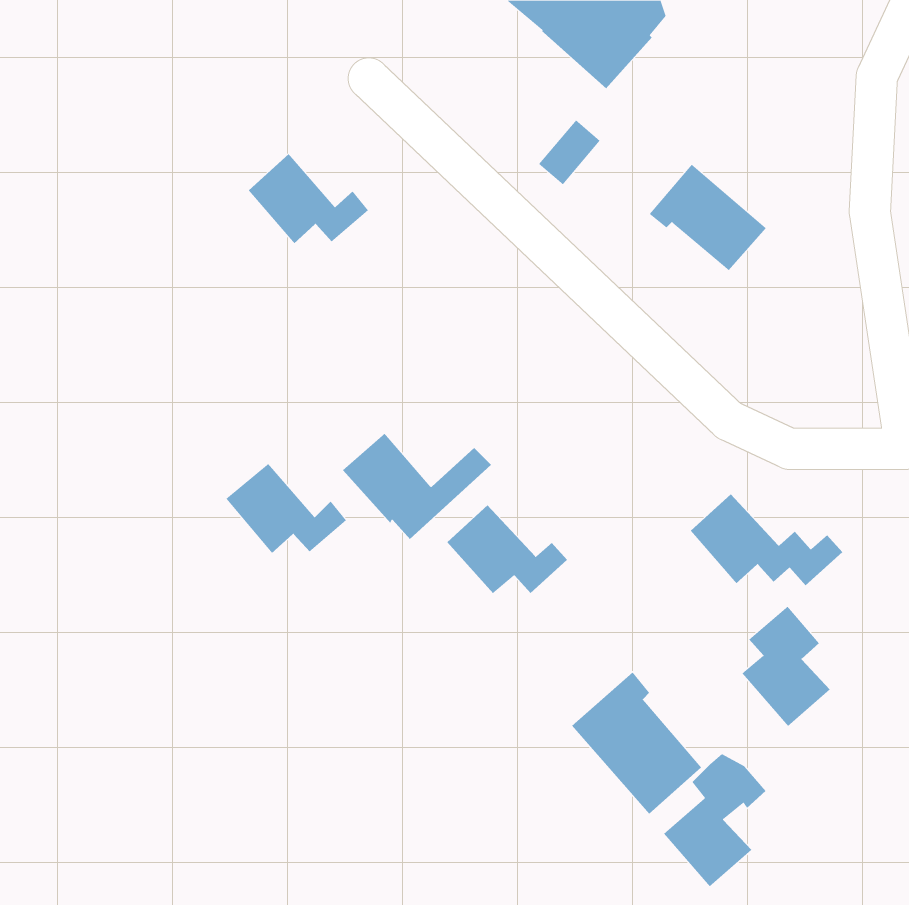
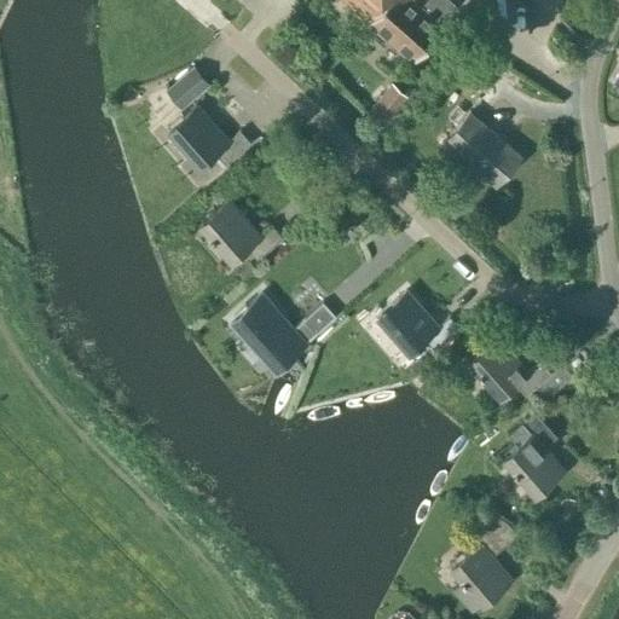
building: none -> [167,69,210,110]
building: [226,463,347,554] -> [201,202,283,264]
building: [447,505,568,594] -> [378,294,461,354]
building: [571,672,702,815] -> none

